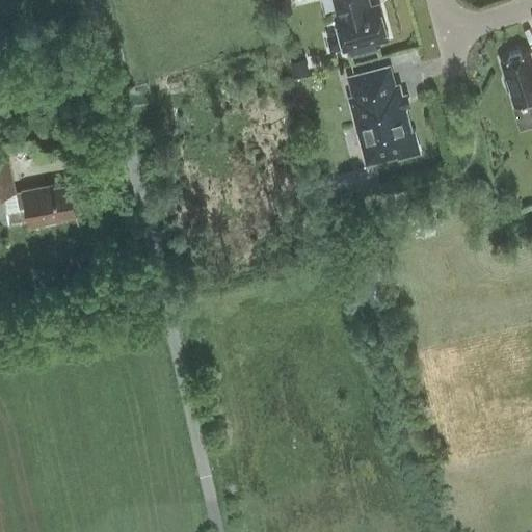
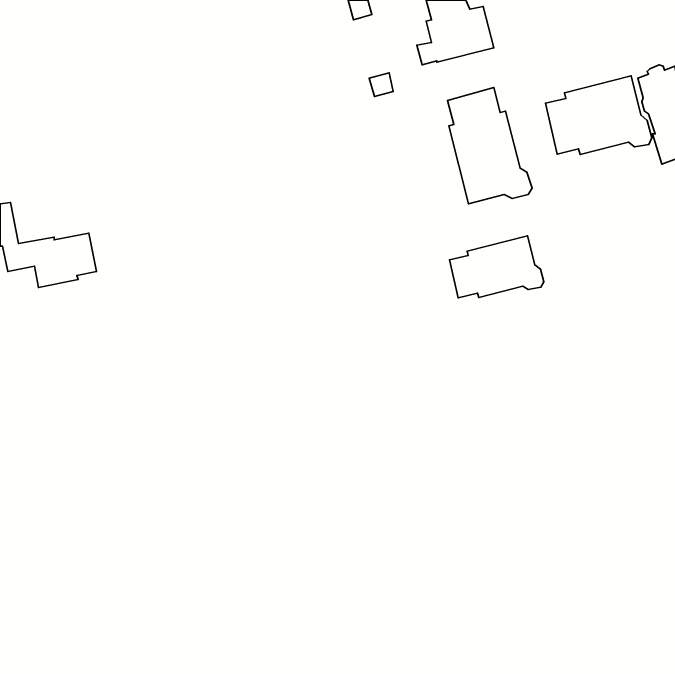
building: none -> [545,76,652,155]
building: none -> [450,236,544,298]

